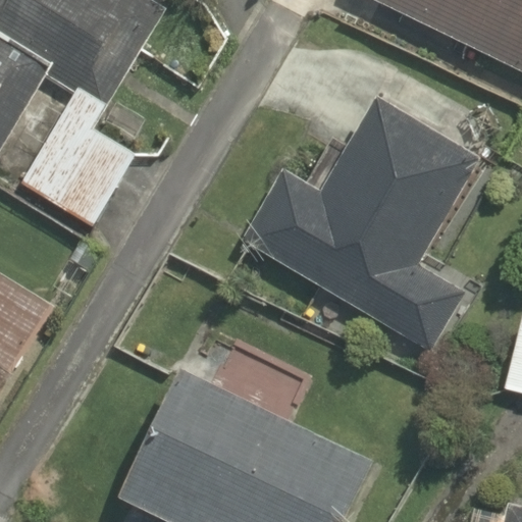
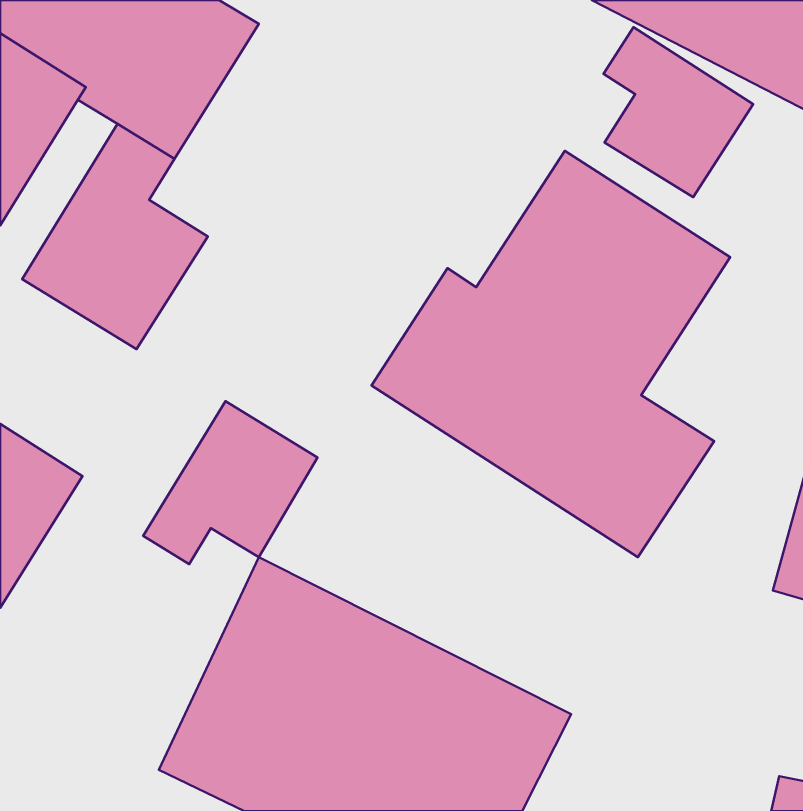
building: none -> [603,27,753,197]
building: none -> [143,401,318,564]

